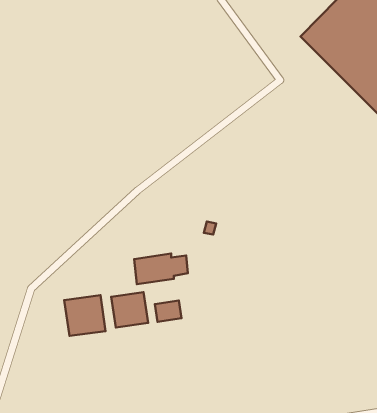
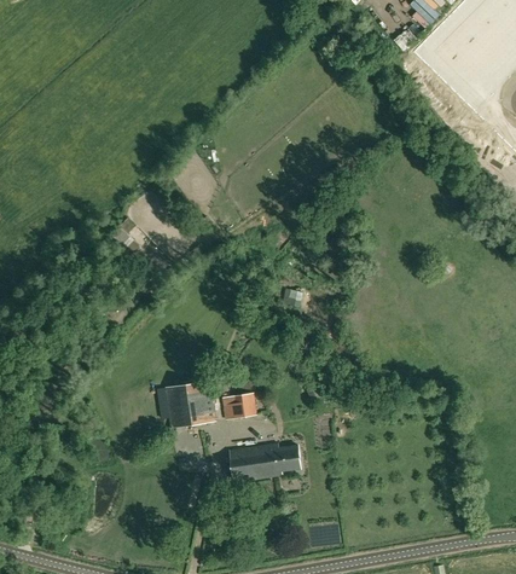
building: [134,254,188,284] -> [230,442,300,482]
building: [64,295,106,336] -> none

